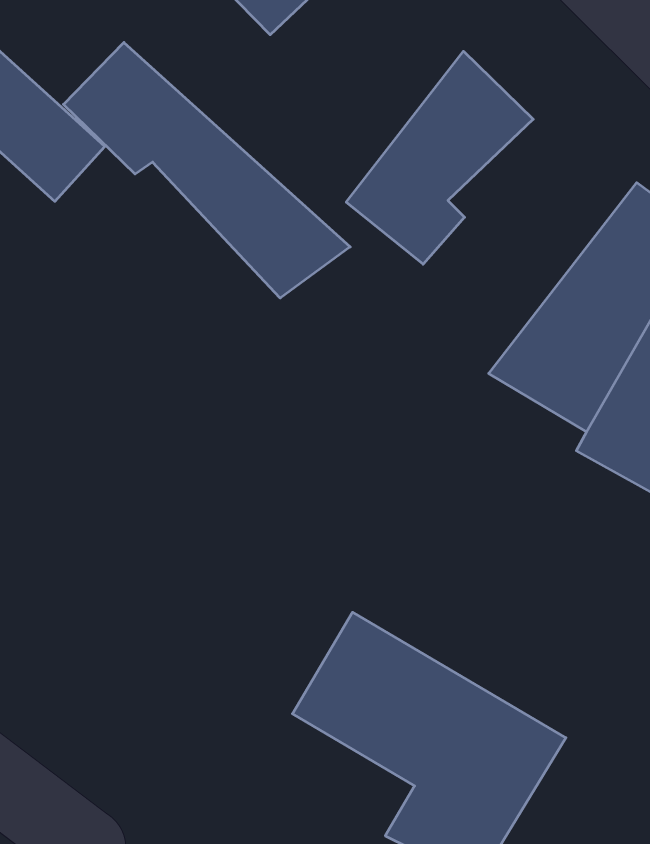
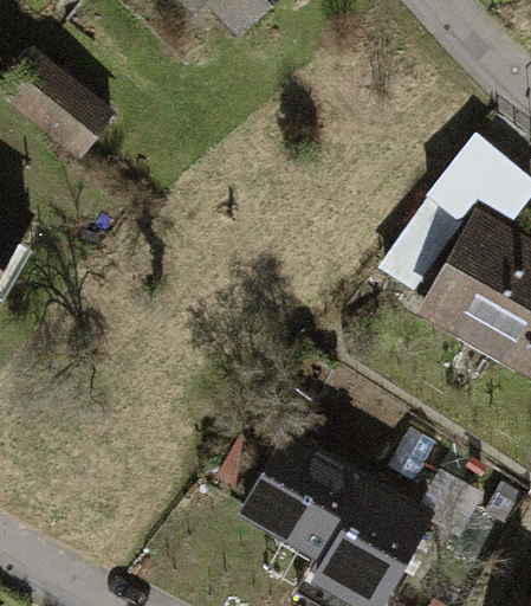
building: [63,42,350,298] -> none
building: [346,51,533,264] -> none

